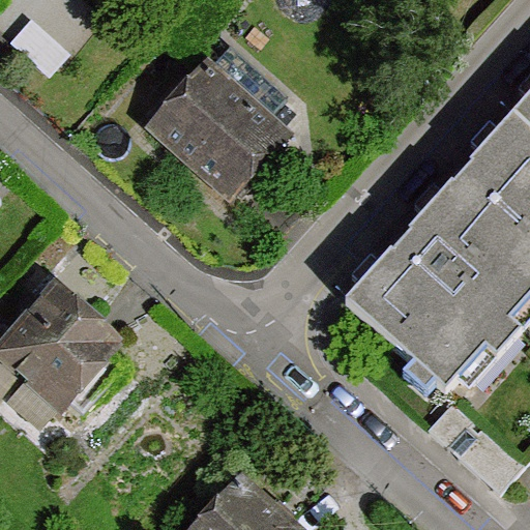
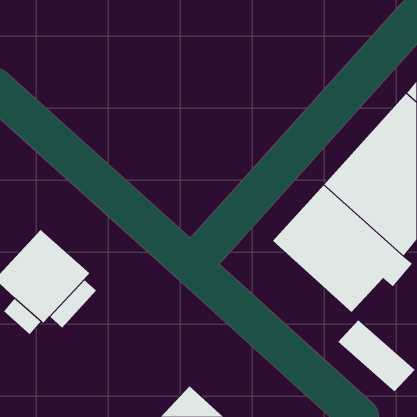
building: [152,51,301,192] -> none

